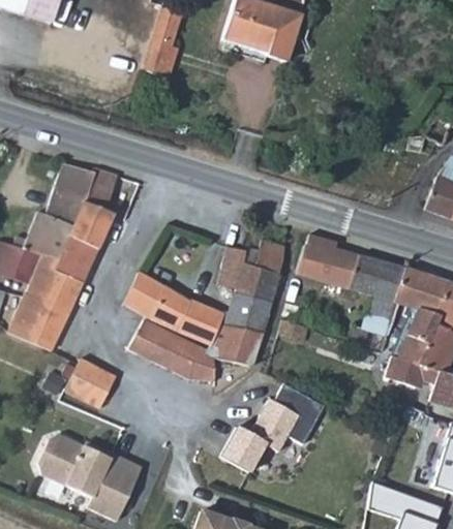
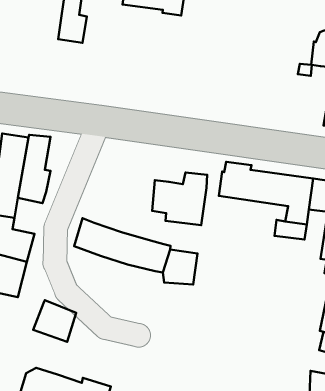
building: [60,239,98,282] -> none
building: [228,290,273,333] -> none
building: [130,320,217,381] -> none
building: [217,384,321,470] -> none

